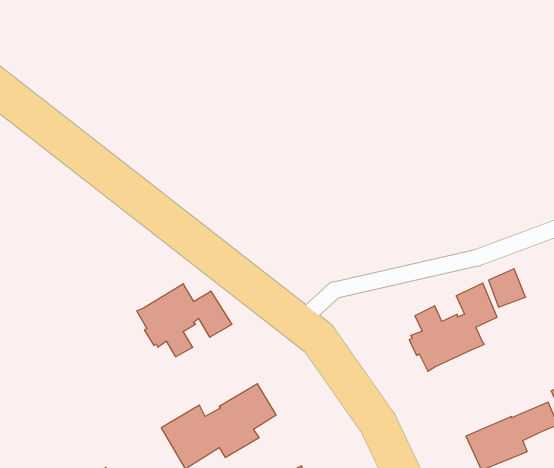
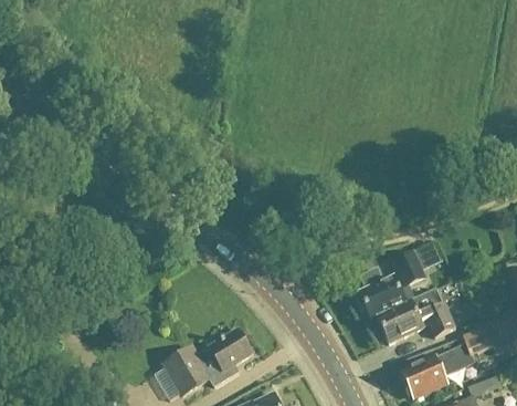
building: [137,284,232,357] -> none
building: none -> [376,287,454,343]

